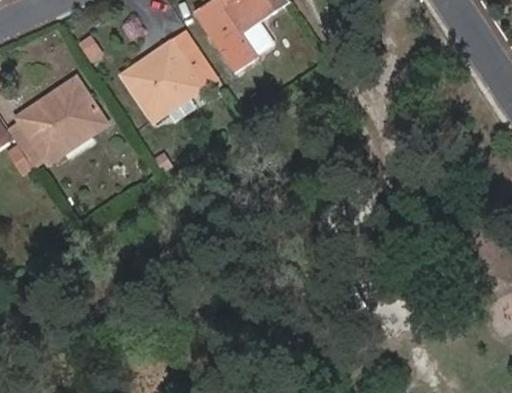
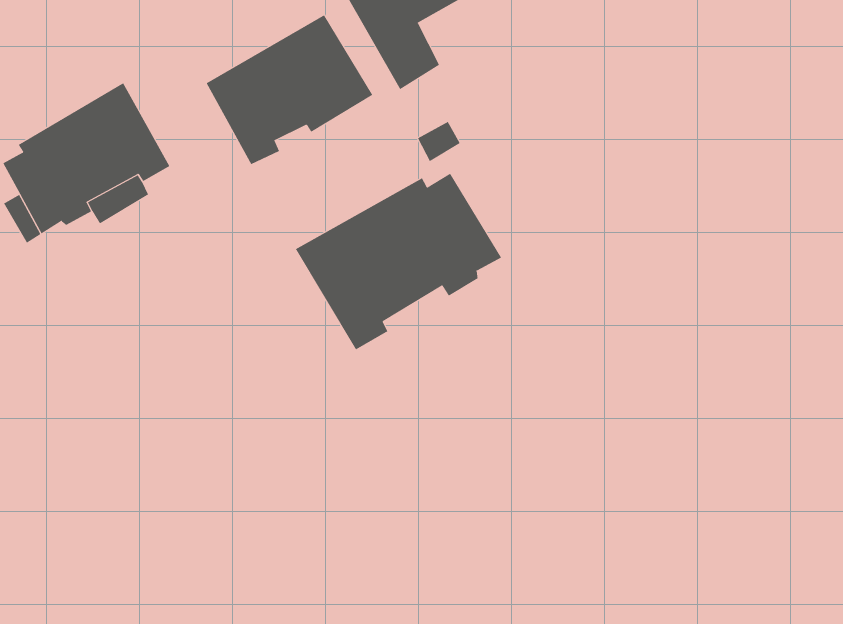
building: none -> [295,173,502,350]

